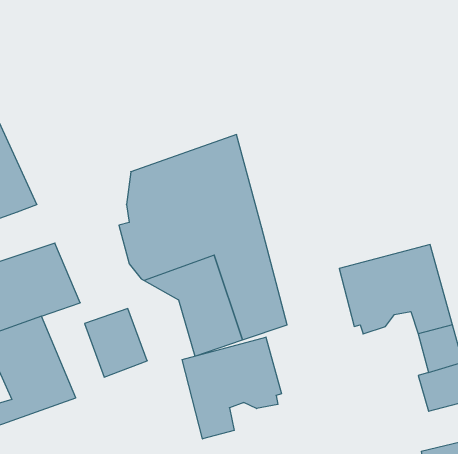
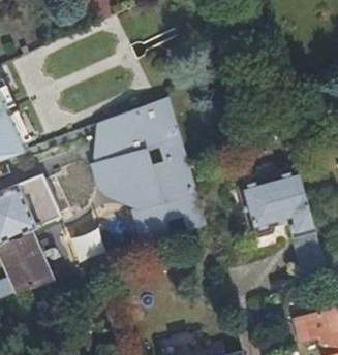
building: [182,337,281,439] -> none

